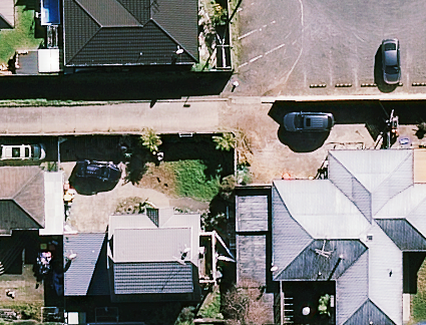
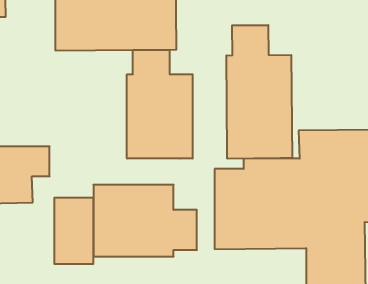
building: none -> [226,25,292,159]
building: none -> [127,50,193,159]

